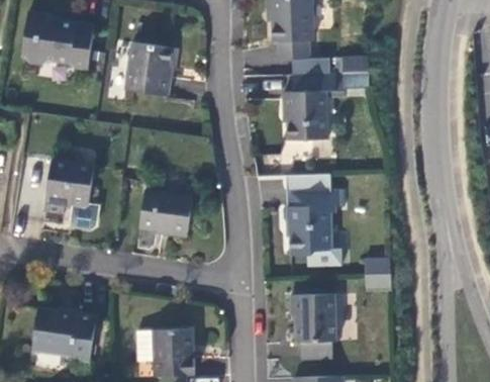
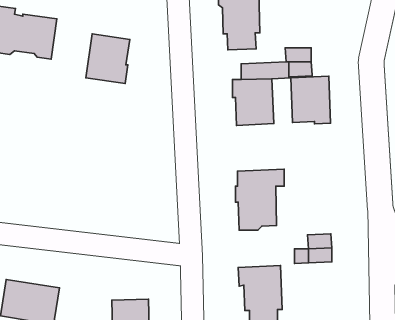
building: none -> [291,76,331,124]
building: [44,161,93,213] -> none
building: [139,192,193,232] -> none

